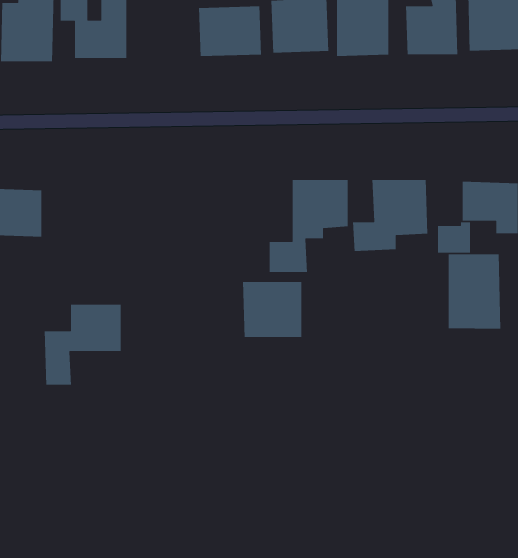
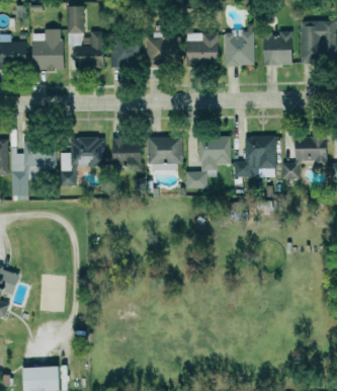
building: none -> [110,38,139,68]
building: none -> [111,138,143,166]
building: [448,253,501,329] -> none
building: [242,281,302,338] -> [148,136,182,168]
building: [44,304,122,385] -> [60,138,104,184]

